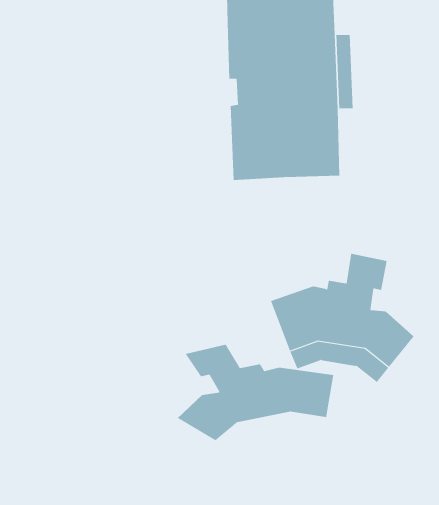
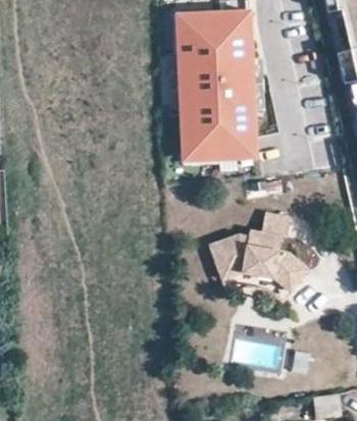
building: [177,344,334,441] -> none

